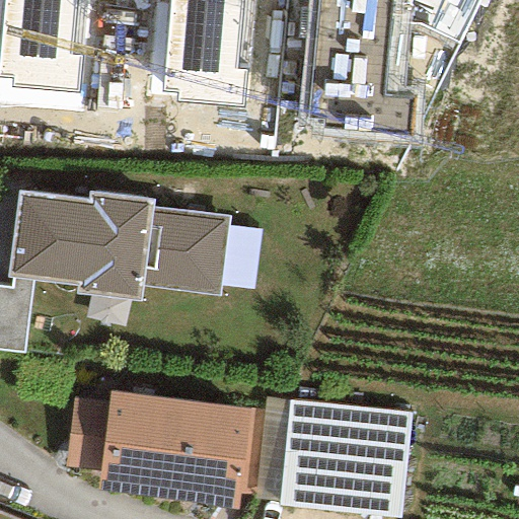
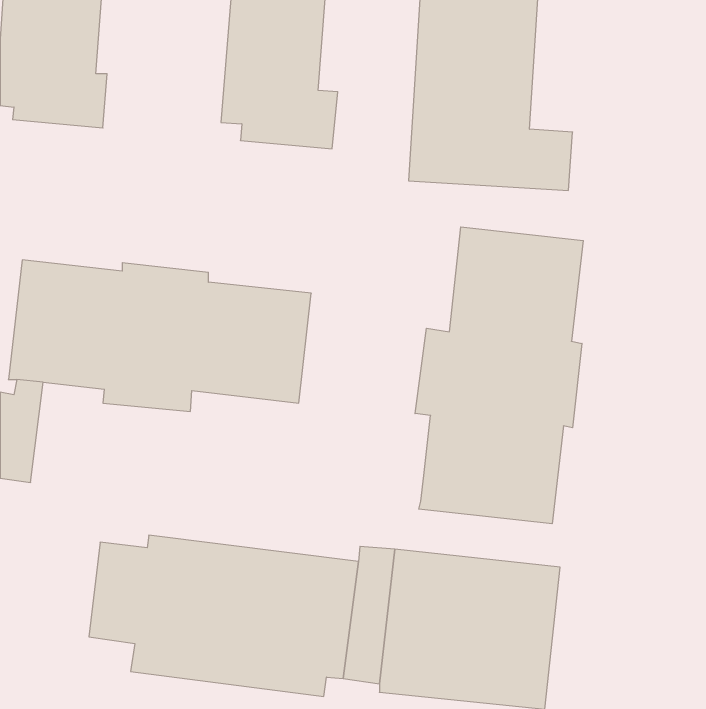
building: none -> [415,227,583,524]

